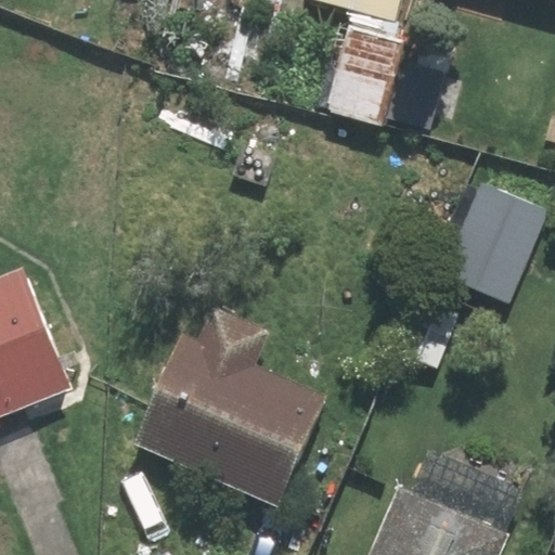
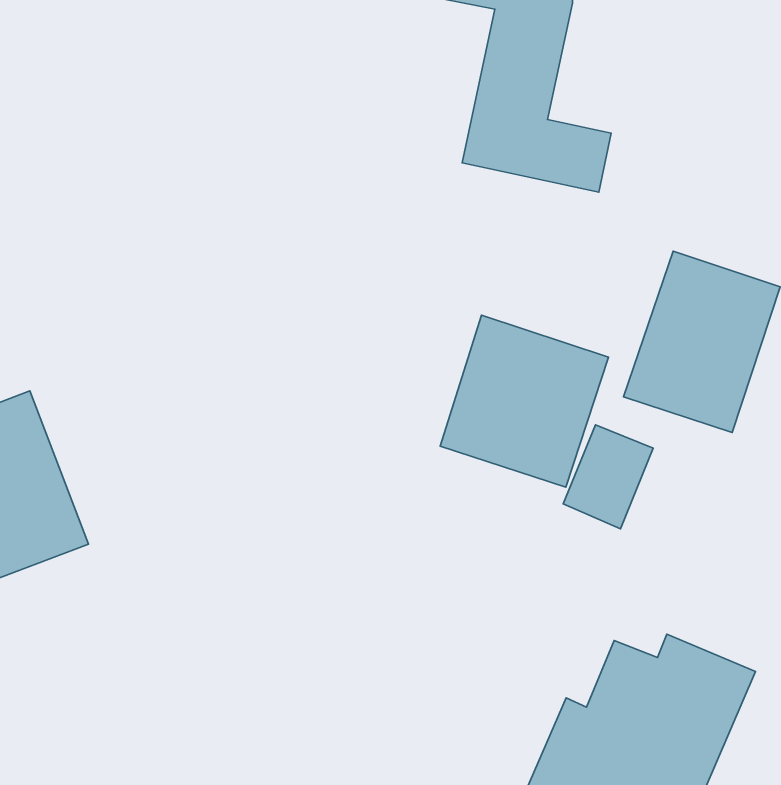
building: none -> [440,315,609,487]
building: [128,323,326,508] -> none

